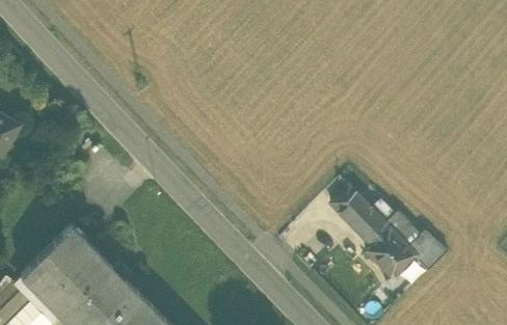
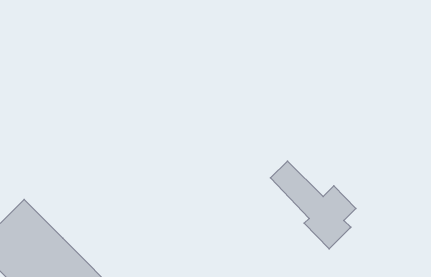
building: [406,233,446,272] -> none

